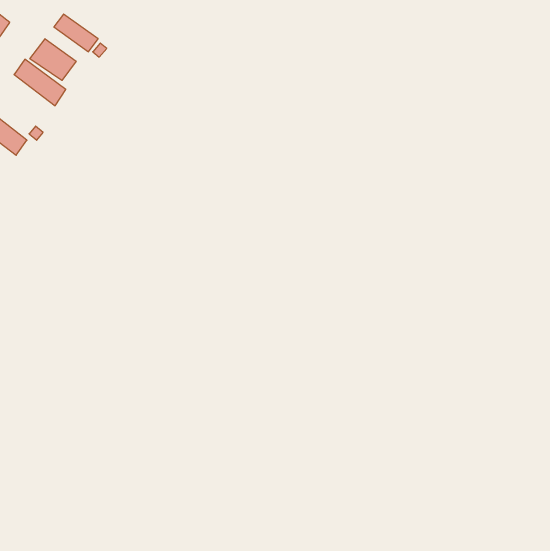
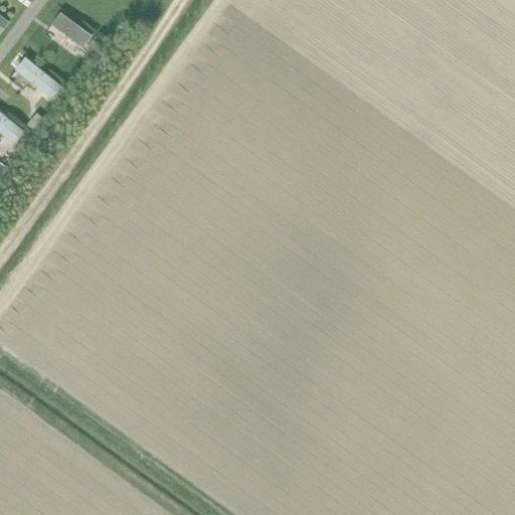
building: [30,39,76,80] -> none

